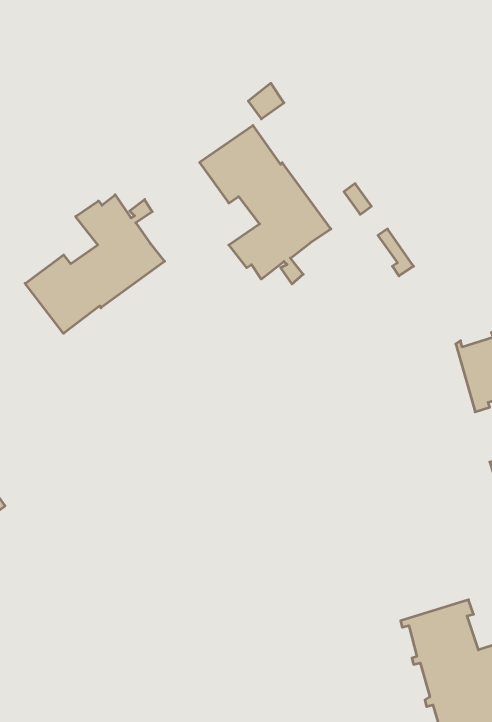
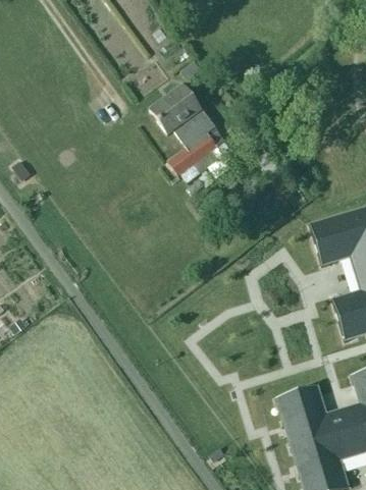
building: [25,195,165,333] -> none

